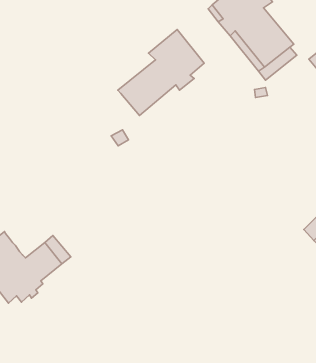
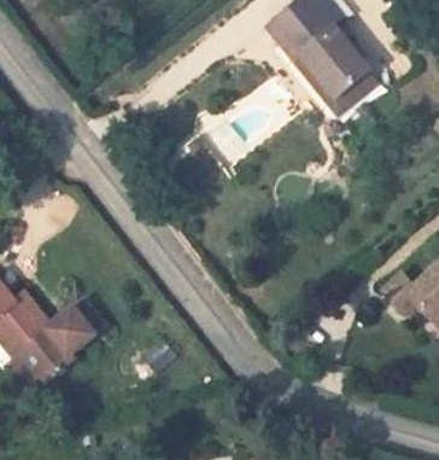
building: [118,30,204,115] -> none

